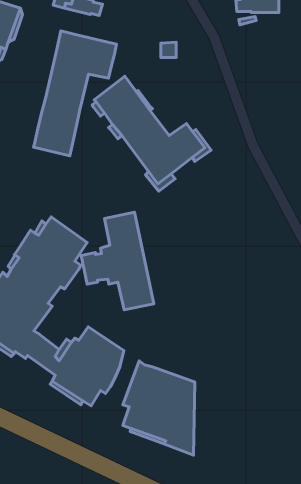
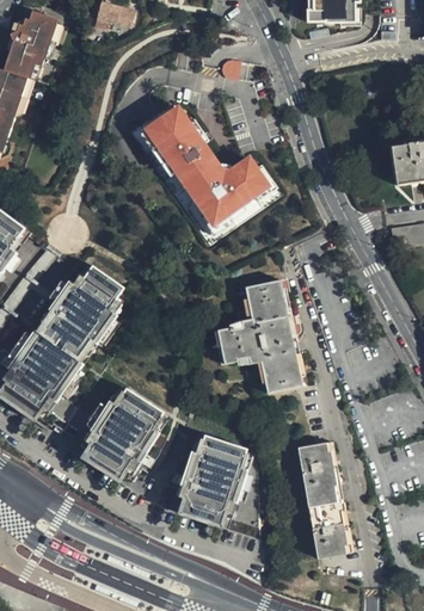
building: [33,31,117,156] -> none
building: [81,212,154,310] -> [216,278,301,391]
building: none -> [296,440,345,556]

